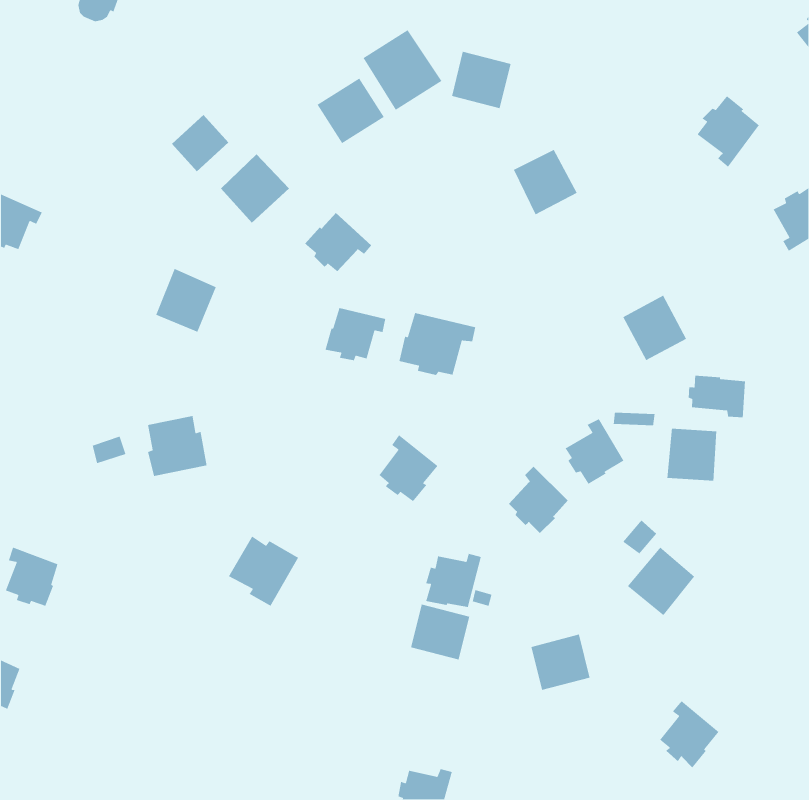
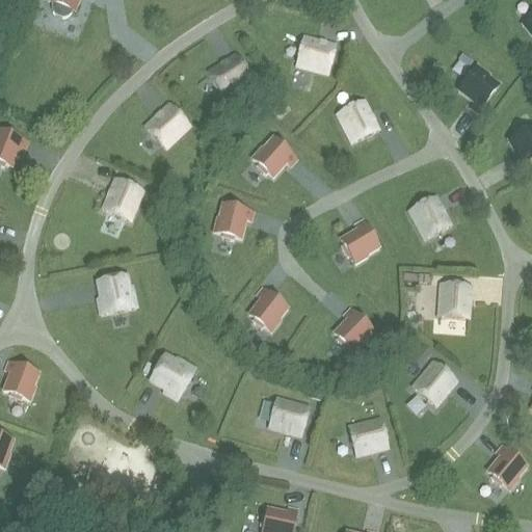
building: [363,29,443,111] -> none
building: [171,114,229,172] -> none
building: [304,212,372,272] -> [251,135,296,175]
building: [398,312,476,376] -> none
building: [688,375,746,418] -> none
building: [564,418,625,485] -> [340,217,379,261]
building: [425,553,482,608] -> none
building: [659,700,719,768] -> [487,443,527,487]

